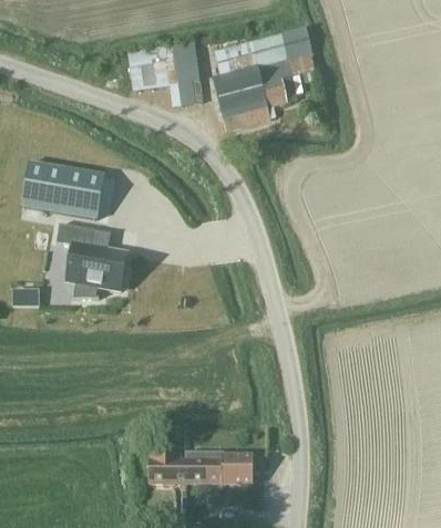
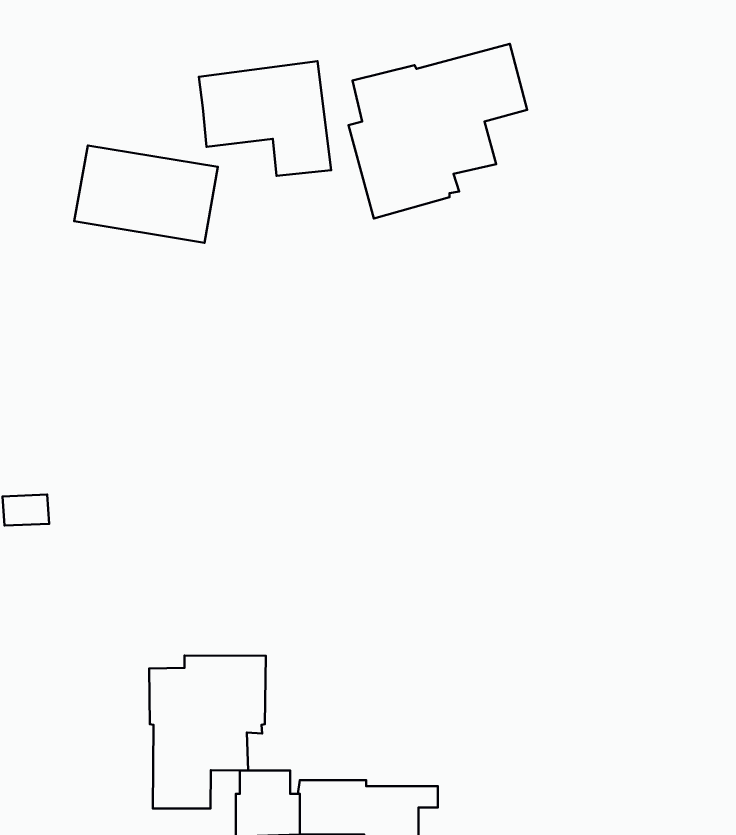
building: [21,163,103,218] -> [74,145,218,243]
building: [55,224,126,298] -> none
building: none -> [149,655,266,809]

